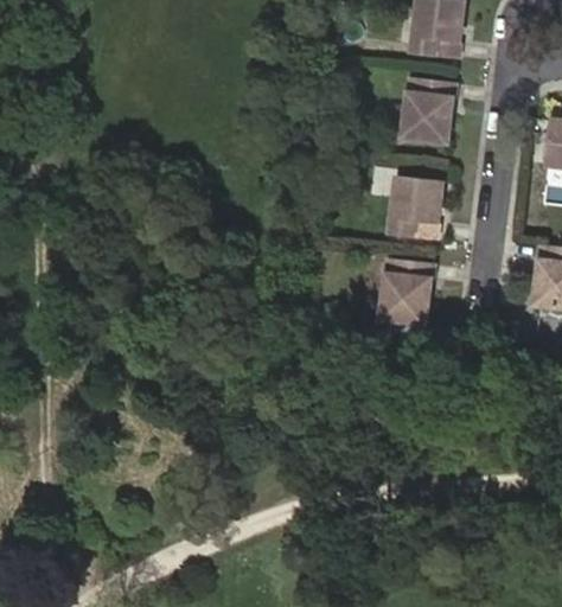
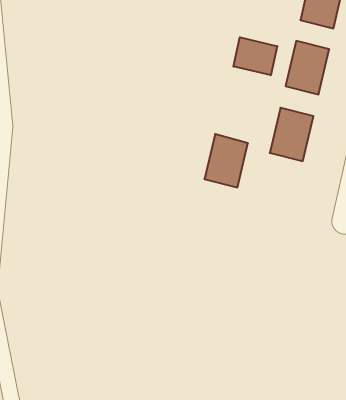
building: none -> [233,37,277,75]
building: [382,255,434,322] -> [204,134,248,187]

